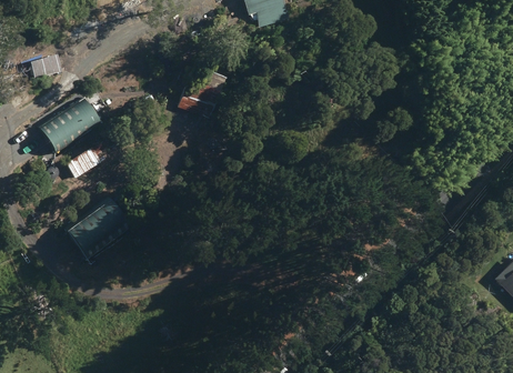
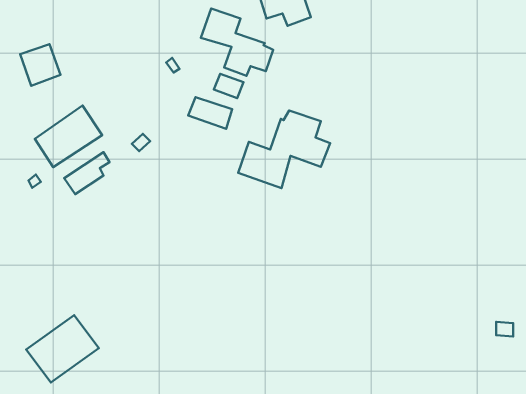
building: none -> [201,8,273,76]
building: none -> [238,110,330,188]
building: [64,198,130,259] -> [26,315,99,383]

